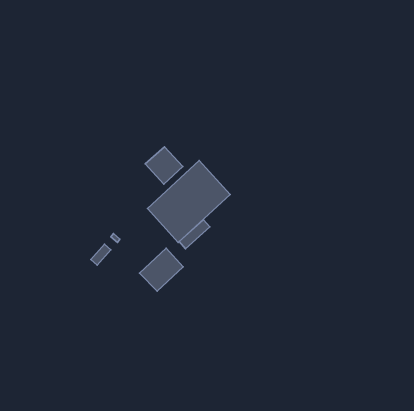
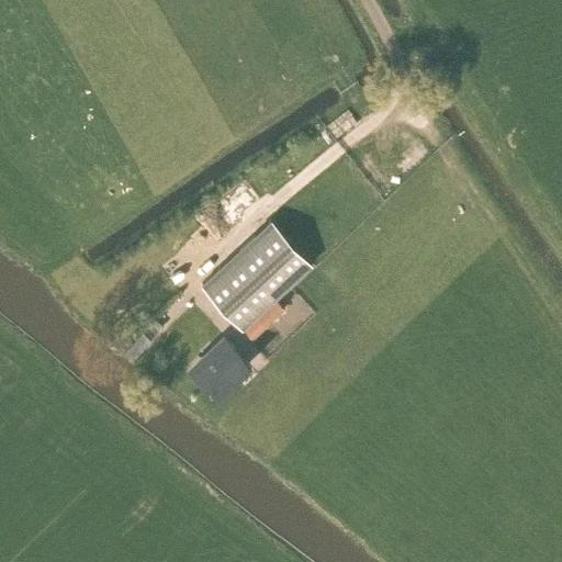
building: [145,147,183,184] -> none

